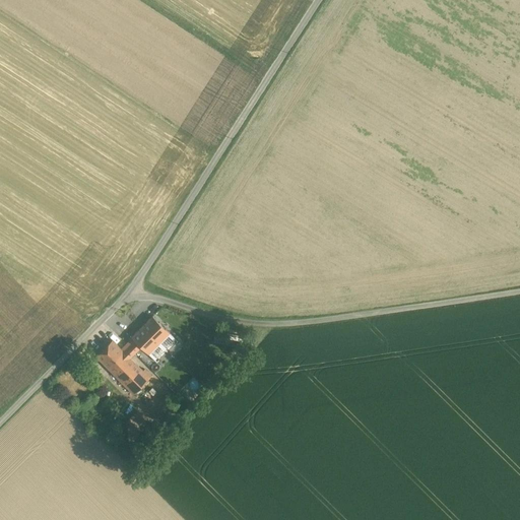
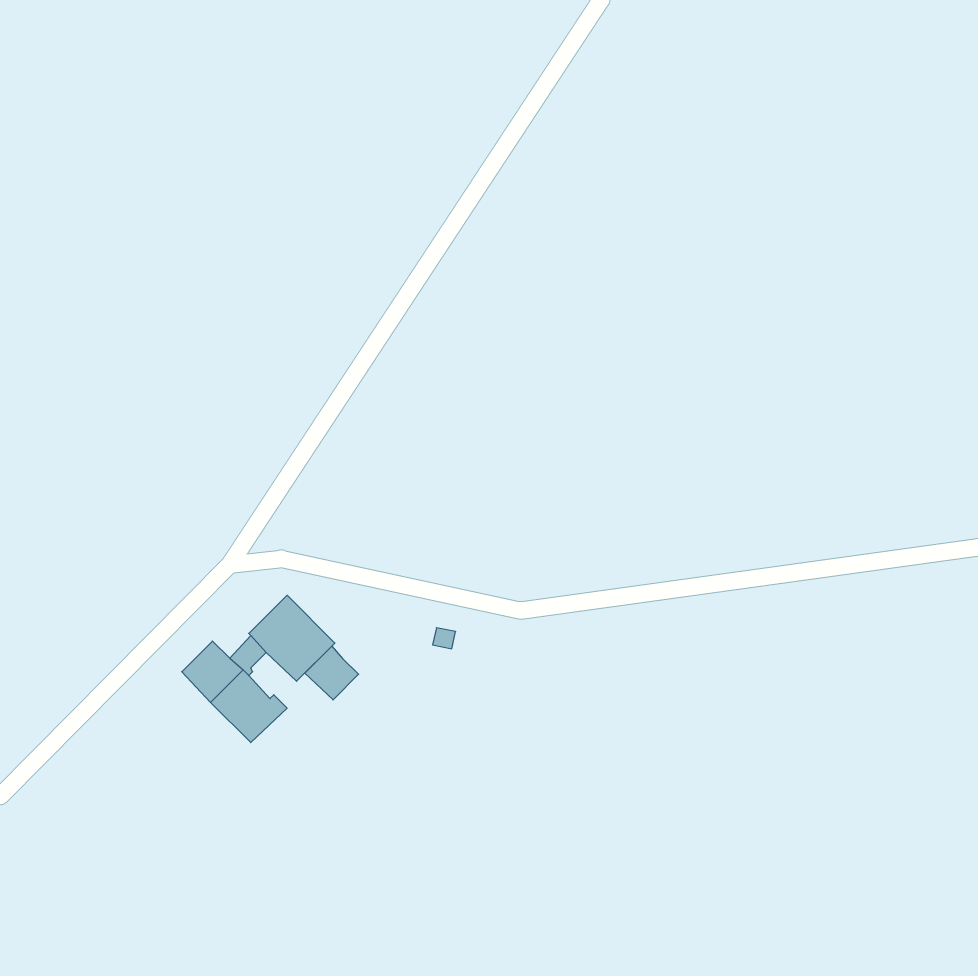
building: none -> [305,646,359,700]

